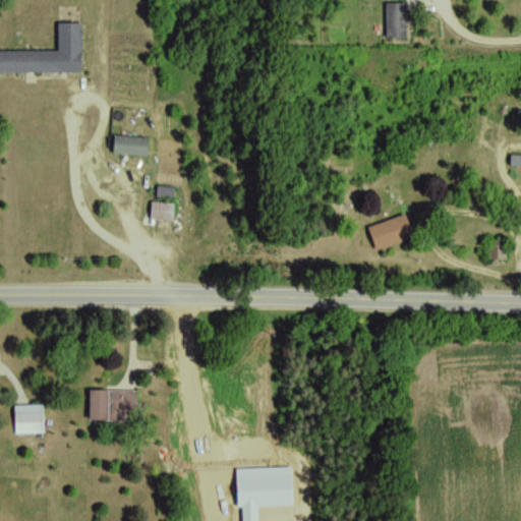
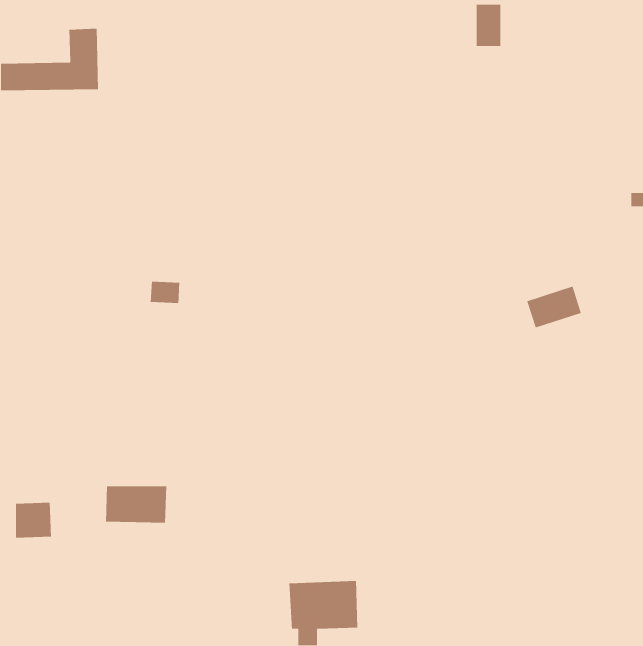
building: [112,135,151,156] -> none
building: [151,202,175,221] -> [150,281,180,304]
building: [368,215,413,249] -> [526,286,582,329]

